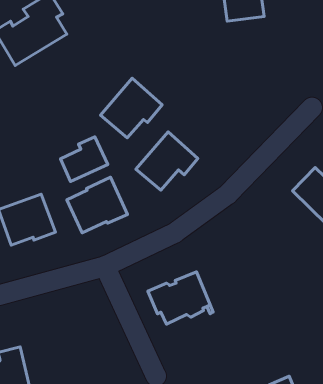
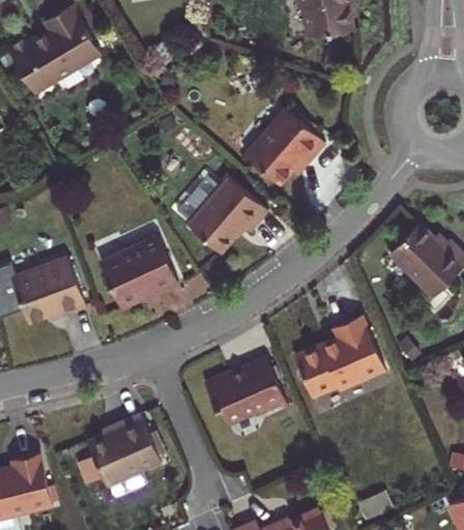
building: [101,78,162,138] -> [245,110,324,186]
building: [61,137,108,182] -> none
building: none -> [294,316,385,399]
building: none -> [87,413,162,487]

